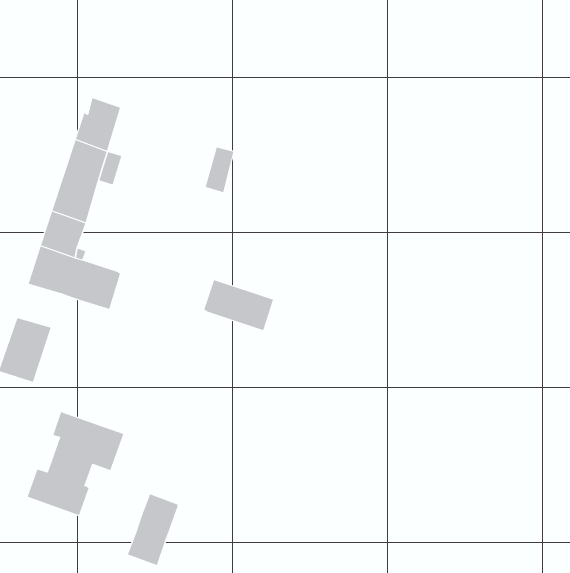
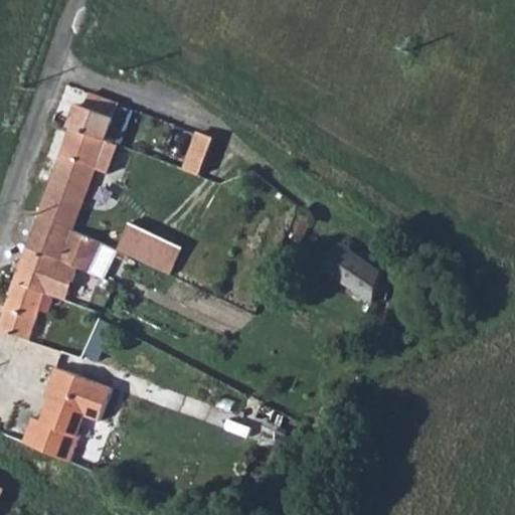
building: none -> [320,244,378,307]
building: [203,279,274,331] -> [106,216,169,263]
building: none -> [15,254,74,301]
building: [127,493,178,566] -> none

